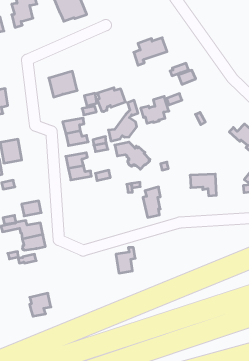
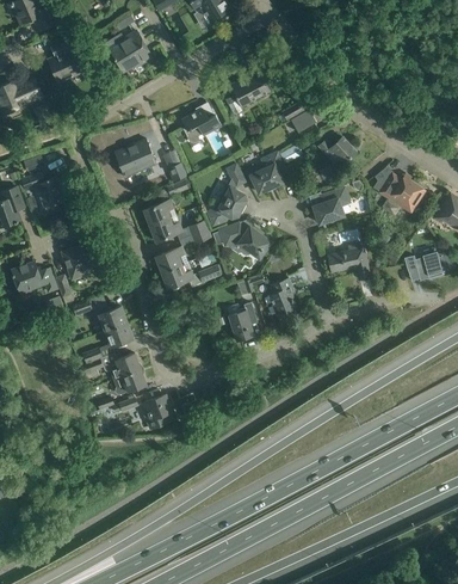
building: [97,88,126,111] -> [180,107,221,142]
building: none -> [317,136,354,162]
building: none -> [312,188,347,223]
building: none -> [93,303,126,331]
building: [116,248,135,273] -> [227,302,254,340]
building: [30,293,51,316] -> [141,393,172,428]

